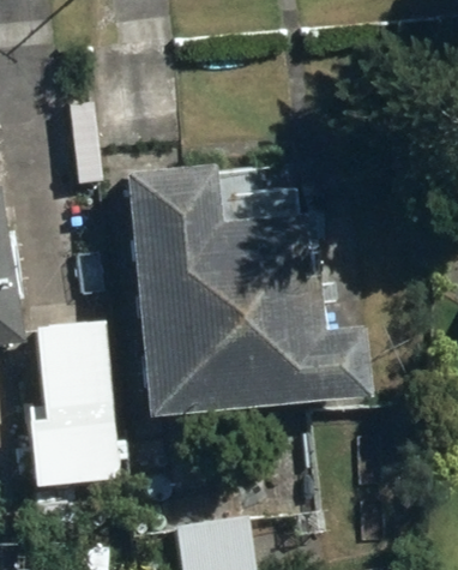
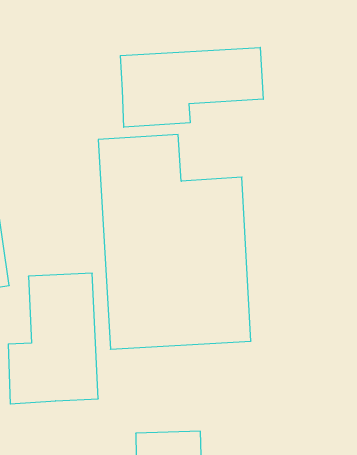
building: none -> [120,47,263,127]

